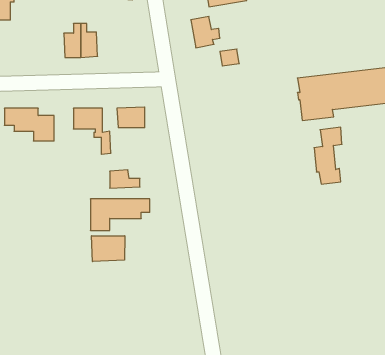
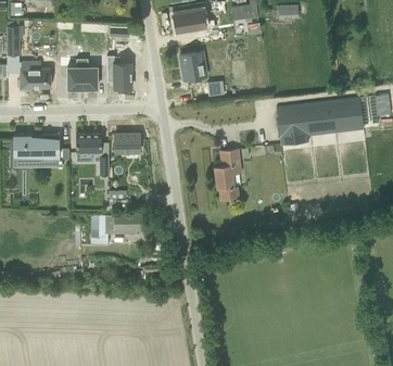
building: none -> [106,55,131,88]
building: none -> [20,62,50,89]
building: [314,127,342,184] -> [214,149,239,200]
building: [92,236,125,262] -> none

